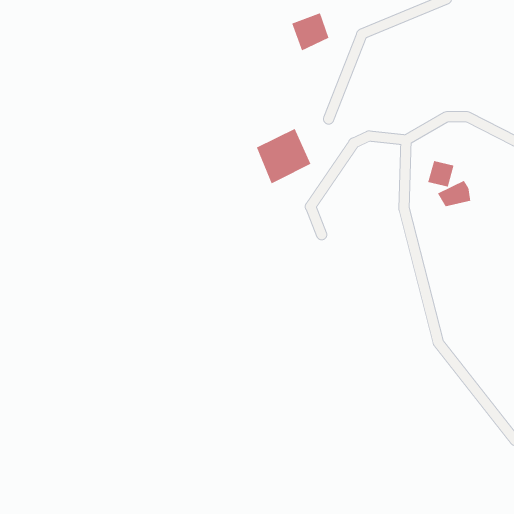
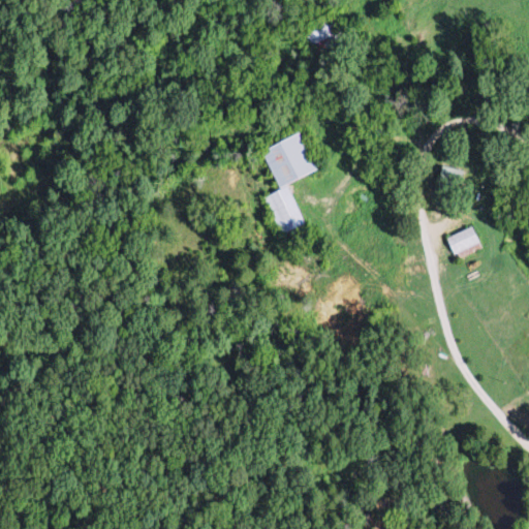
building: [437,180,471,207] -> [445,225,480,253]
building: none -> [258,186,303,235]

